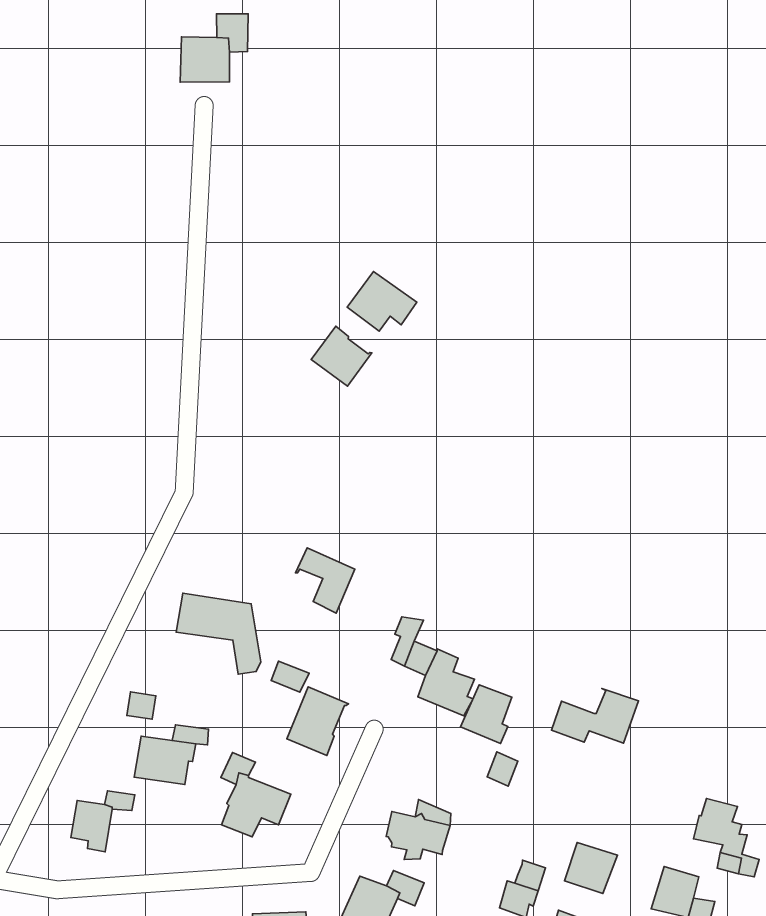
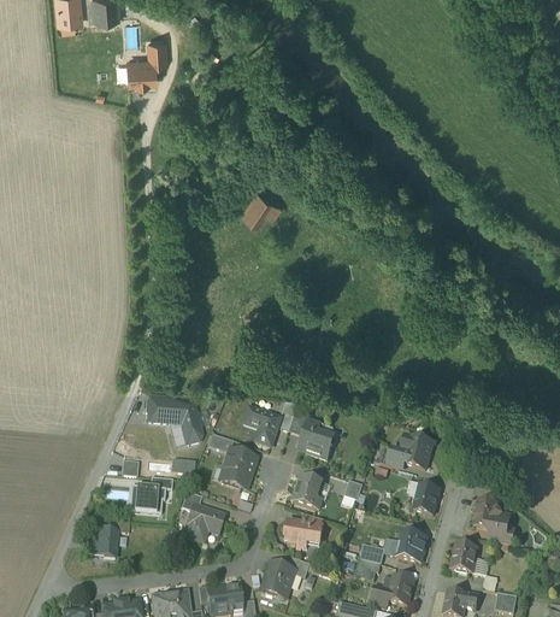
building: [311,326,372,386] -> none
building: [296,548,355,613] -> [244,406,281,445]
building: [460,685,512,744] -> [293,474,323,509]
building: none -> [412,482,440,513]

